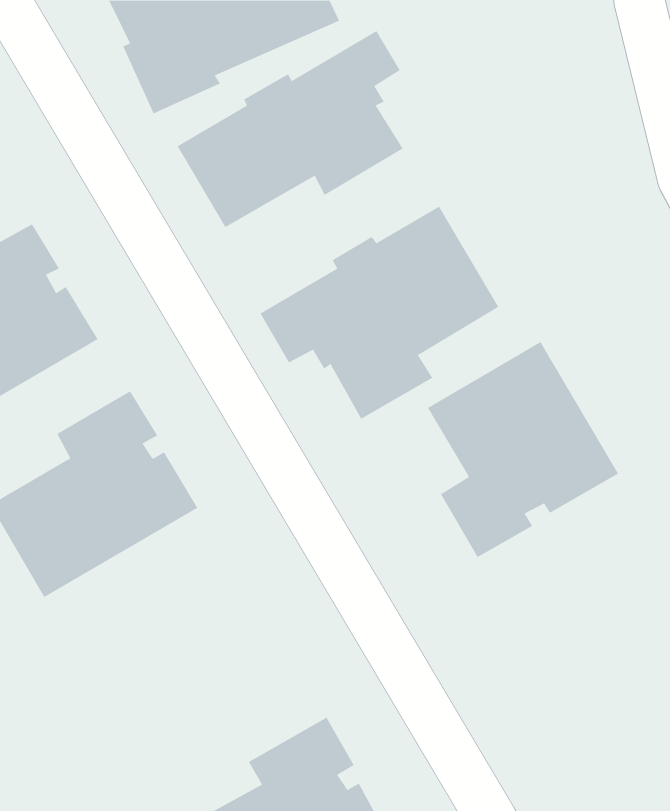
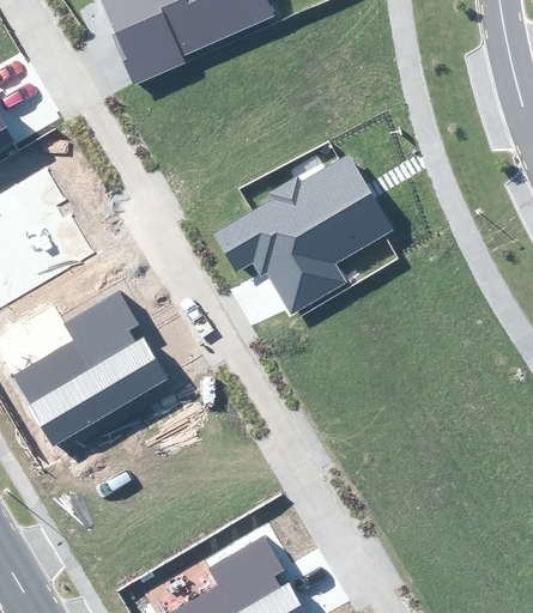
building: [177,30,403,228] -> none
building: [427,341,619,558] -> none

